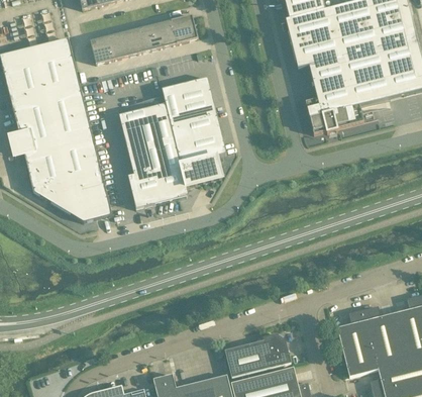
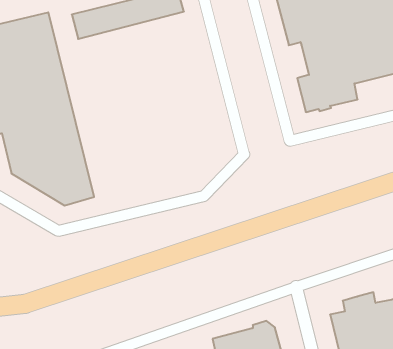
building: [119,77,226,207] -> none

